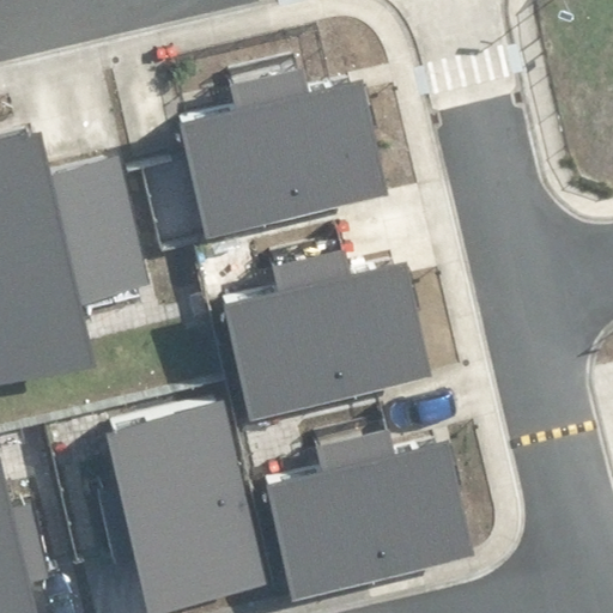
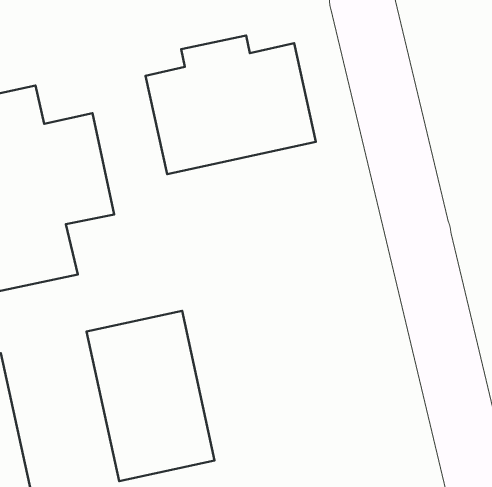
building: [226,247,427,412] -> none
building: [265,423,469,589] -> none

